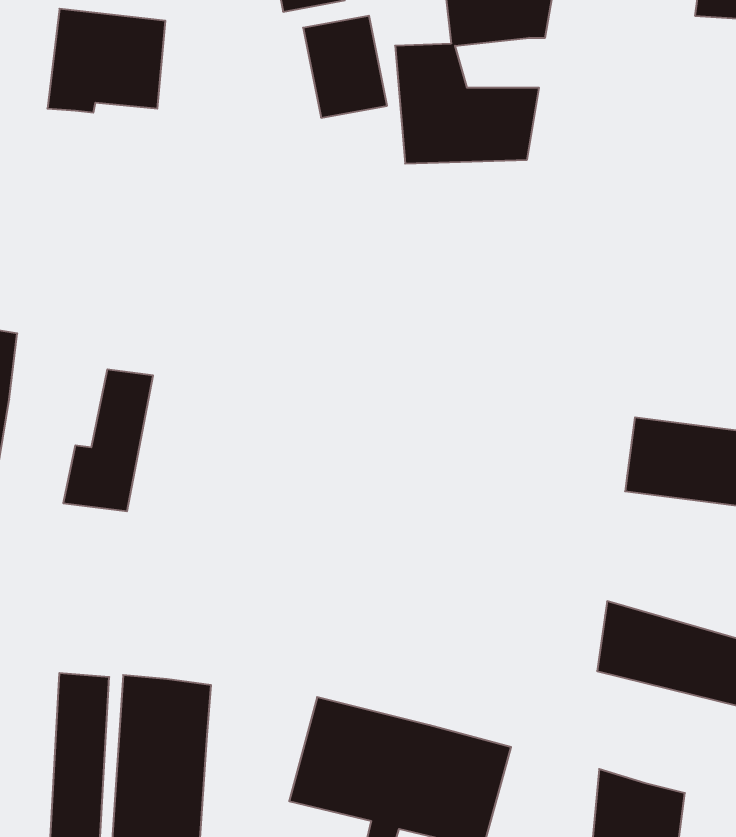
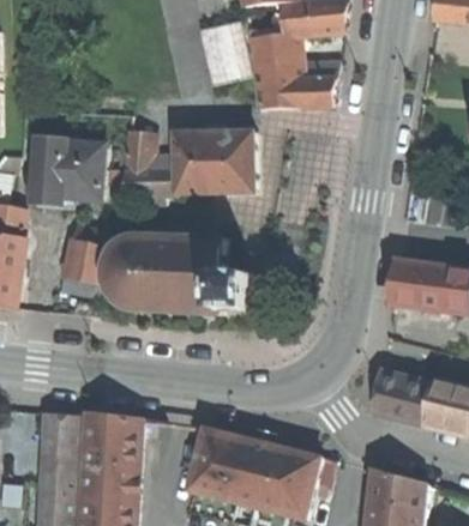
building: [47,9,165,113] -> [31,143,102,205]
building: none -> [121,129,254,205]
building: none -> [104,229,255,314]

